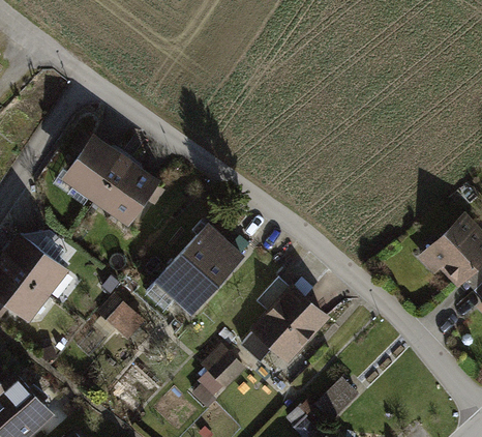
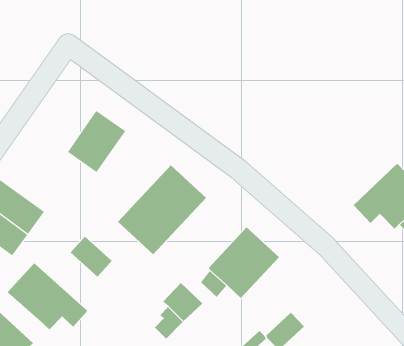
building: [60,133,125,201] -> none
building: none -> [7,262,88,330]

